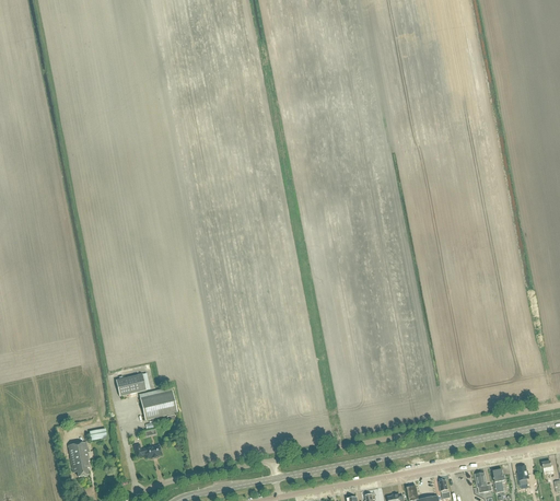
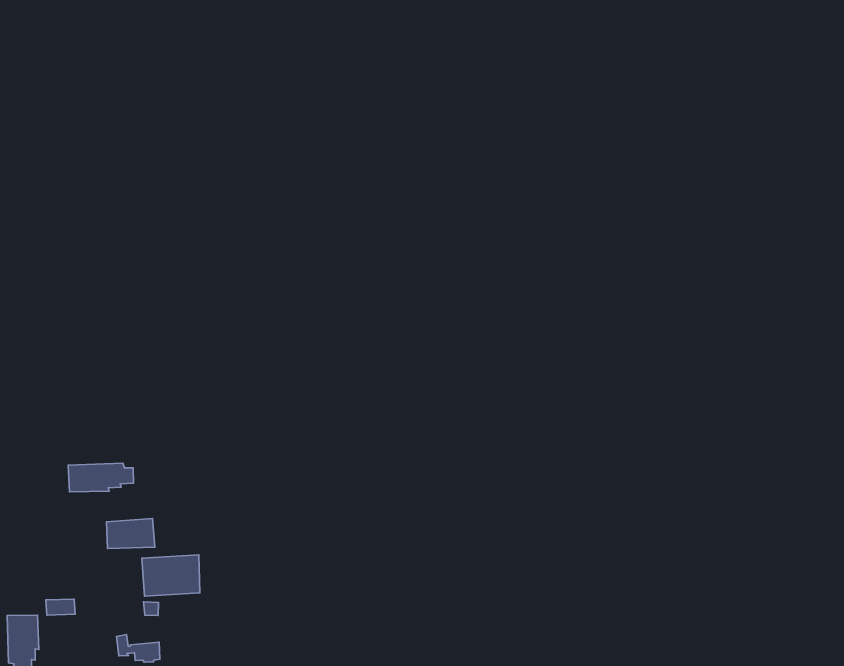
building: none -> [68,463,133,492]

